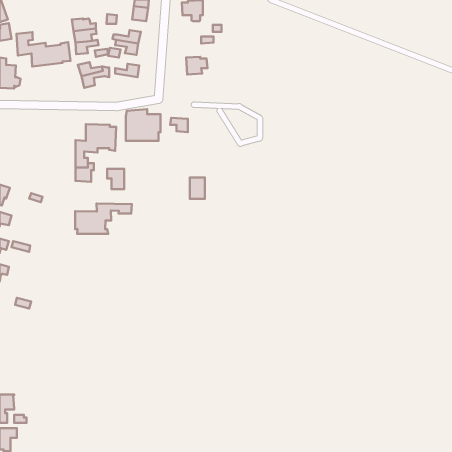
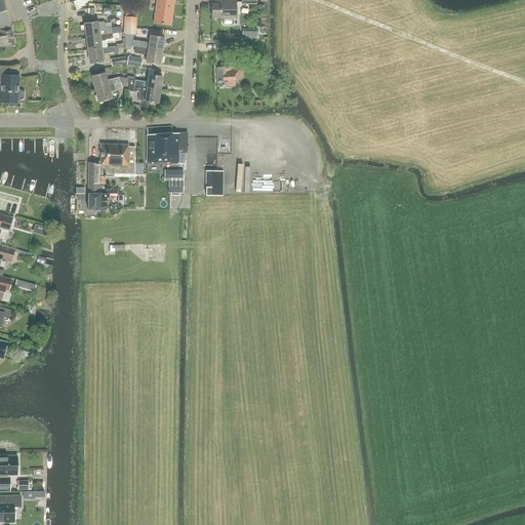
building: [17,32,70,67] -> none
building: none -> [126,78,159,103]
building: [107,169,124,189] -> [163,169,183,193]
building: [190,178,205,199] -> [205,170,223,195]
building: [75,204,132,234] -> none

